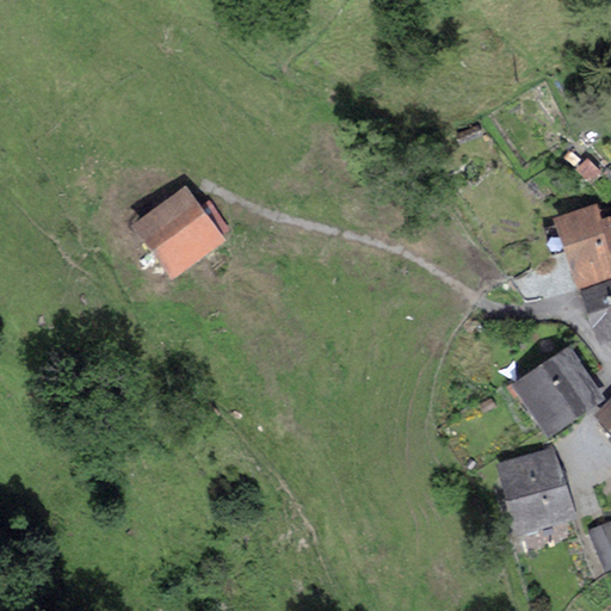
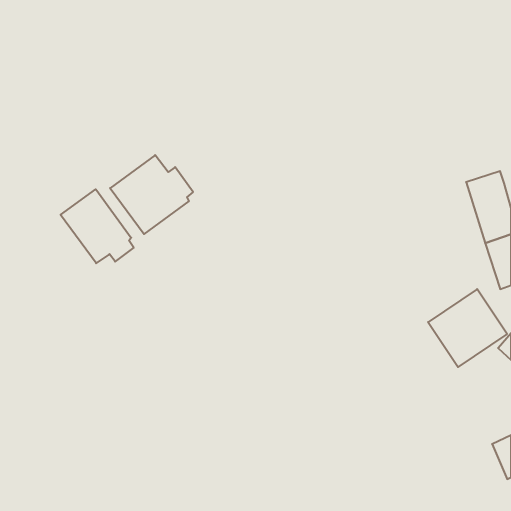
building: none -> [61,189,134,263]
building: [495,446,575,535] -> none

